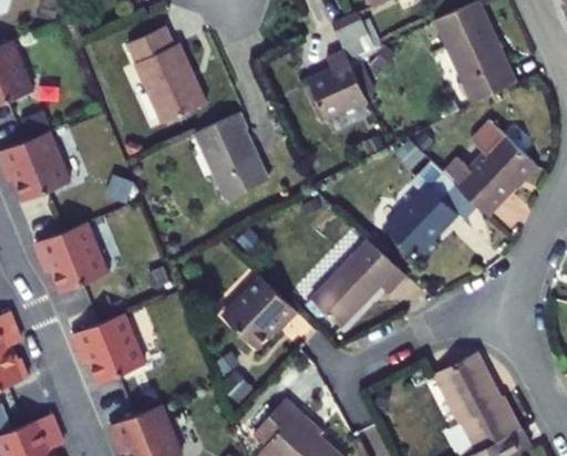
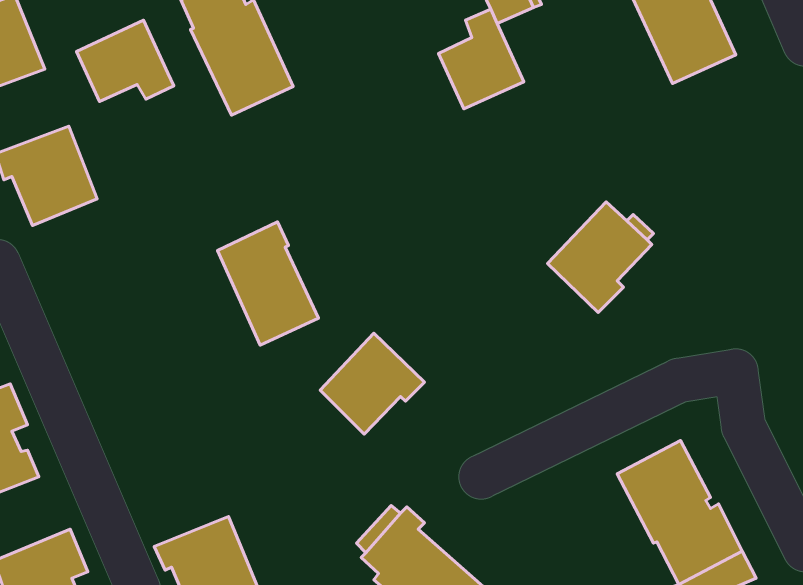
building: none -> [77,20,174,101]
building: [196,113,267,199] -> [217,222,319,345]
building: [444,121,536,216] -> none
building: [34,222,106,292] -> none
building: [312,240,405,327] -> none
building: [72,313,144,384] -> none

